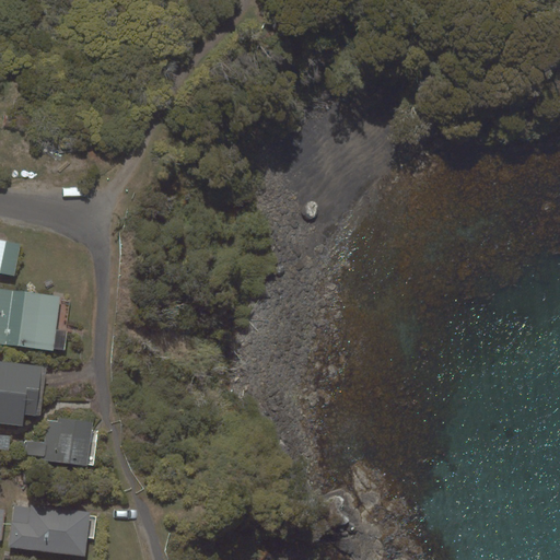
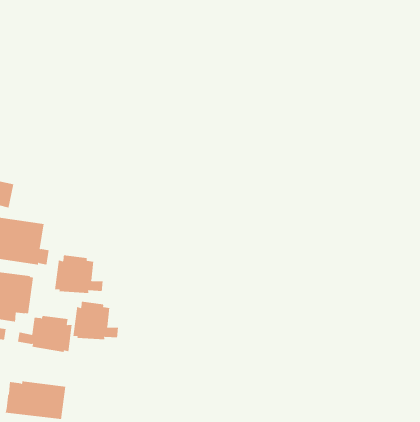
building: none -> [55,254,103,294]
building: none -> [73,301,118,340]

